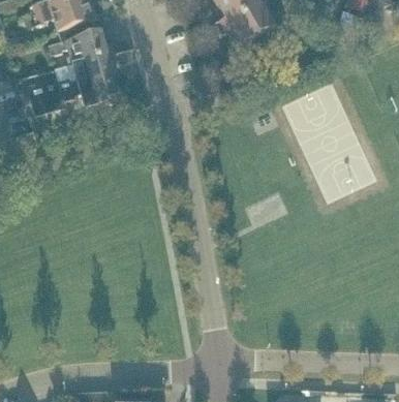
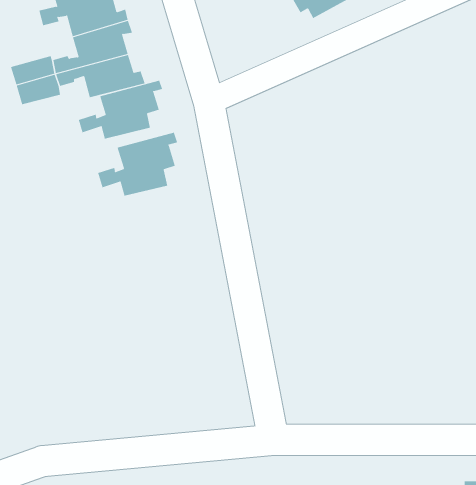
building: none -> [78,80,163,139]
building: none -> [98,132,178,196]

